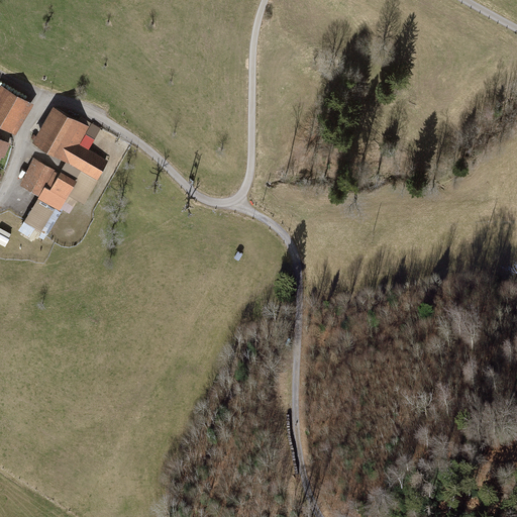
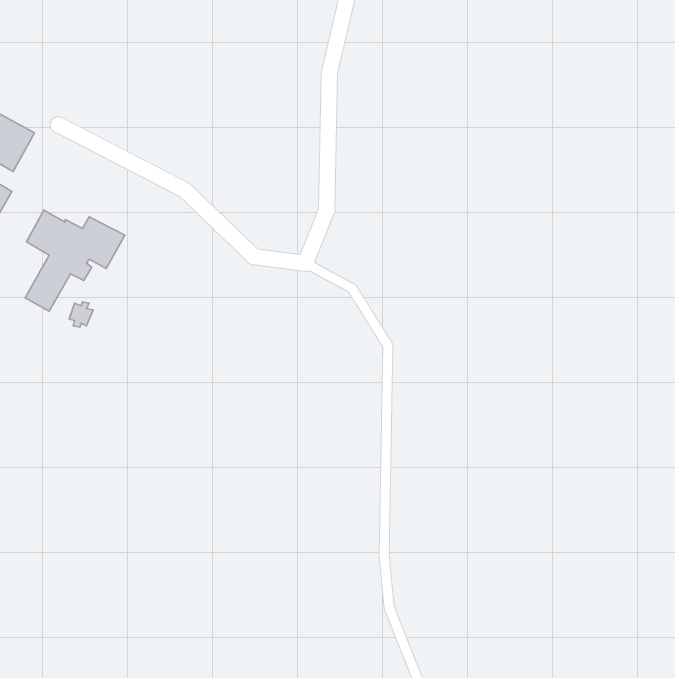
building: [32,108,105,179] -> none

